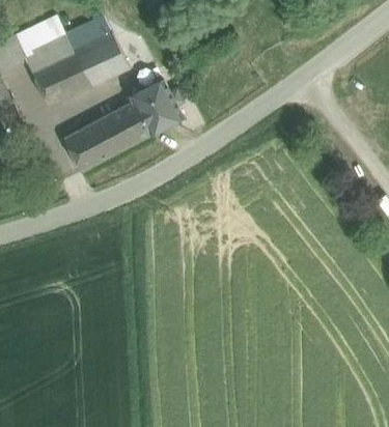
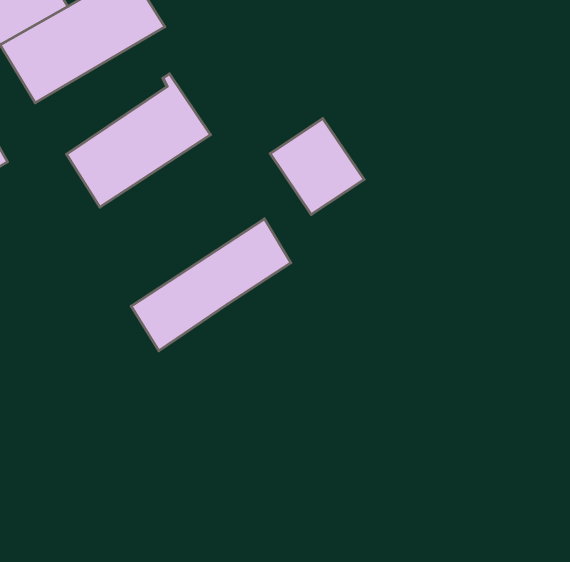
building: [130,78,184,134] -> [270,119,364,215]
building: none -> [131,219,291,351]

